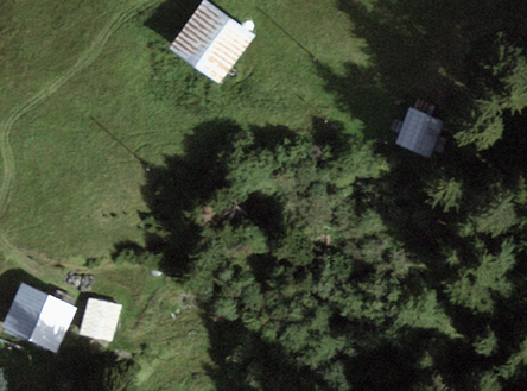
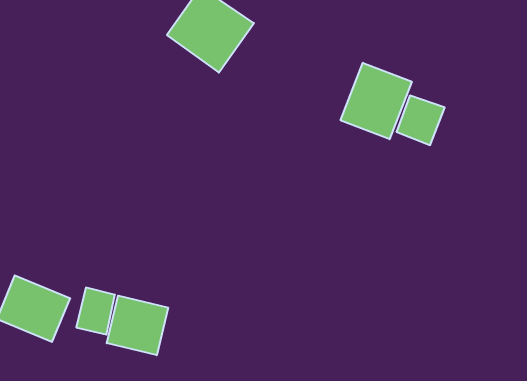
building: none -> [341,63,412,139]
building: none -> [107,296,168,355]

